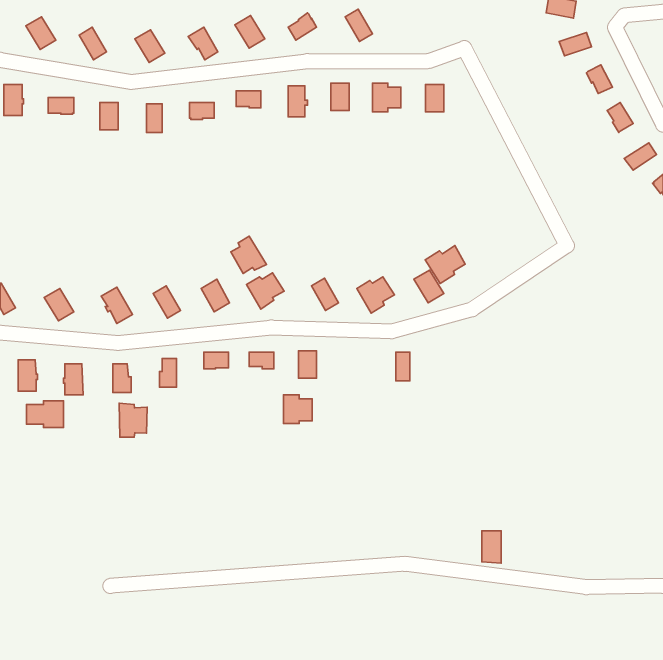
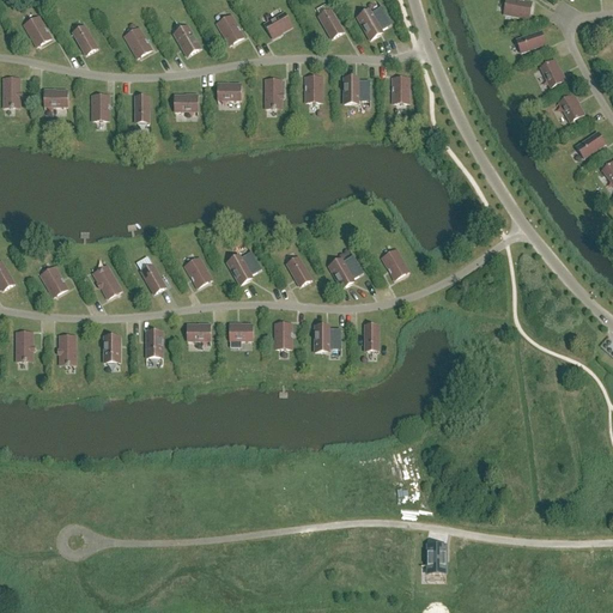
building: none -> [357,6,392,40]
building: [231,236,267,274] -> none
building: [425,246,465,283] -> none
building: [284,395,312,423] -> [315,324,341,351]
building: [27,401,63,428] -> none
building: [119,403,147,437] -> none
building: [482,531,501,563] -> [427,544,445,573]

